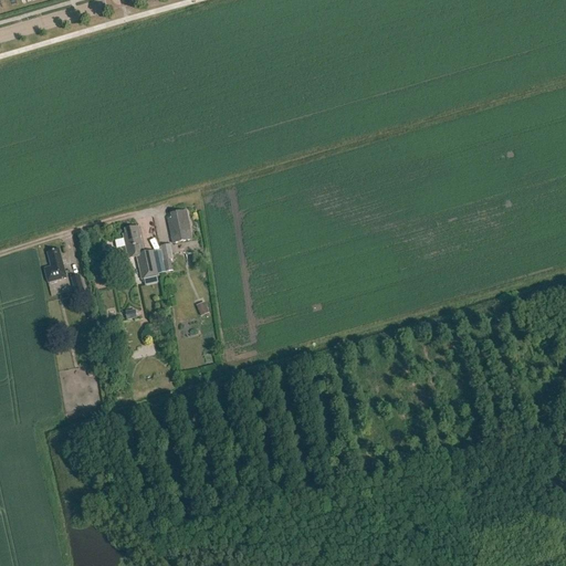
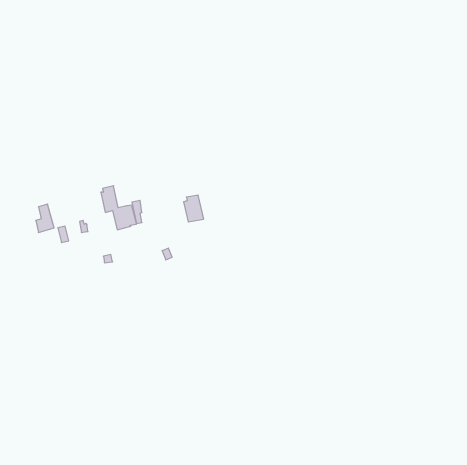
building: [167,209,191,241] -> [184,195,204,222]

